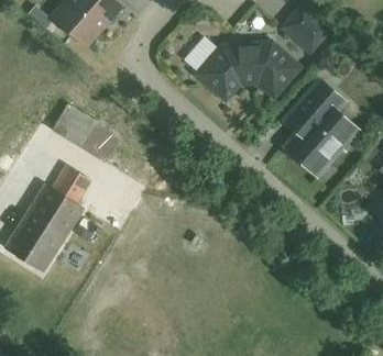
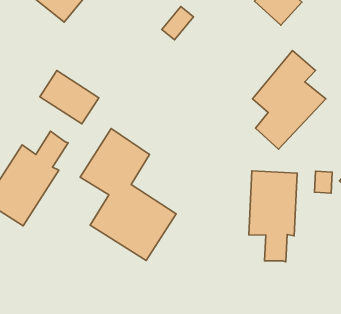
building: [196,41,296,102] -> none
building: none -> [80,129,176,261]
building: none -> [249,171,297,262]

